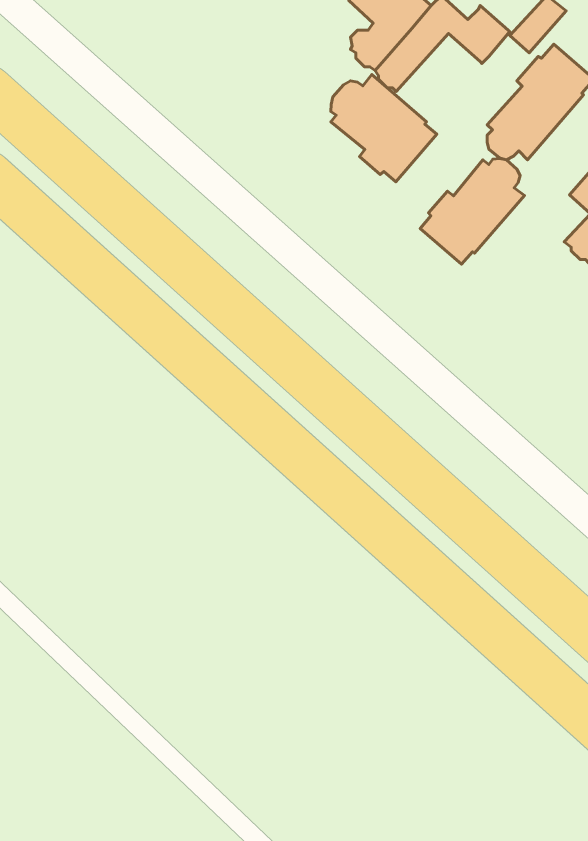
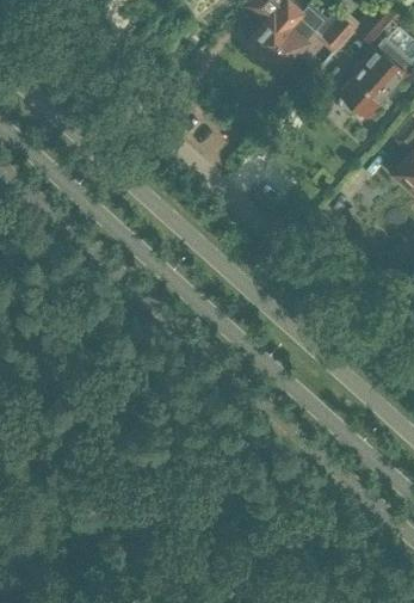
building: [331,74,437,182] -> none
building: [420,159,524,264] -> none

